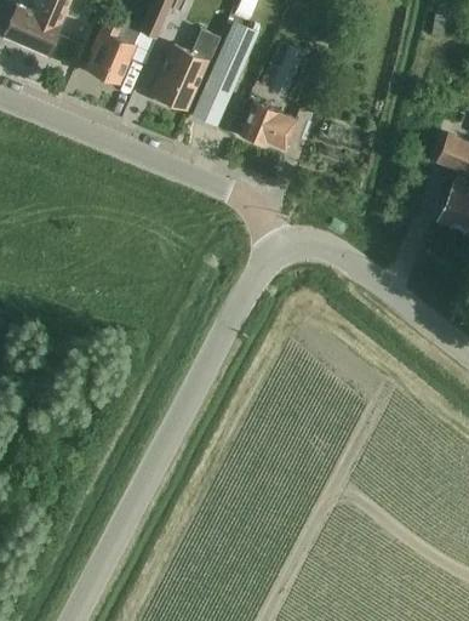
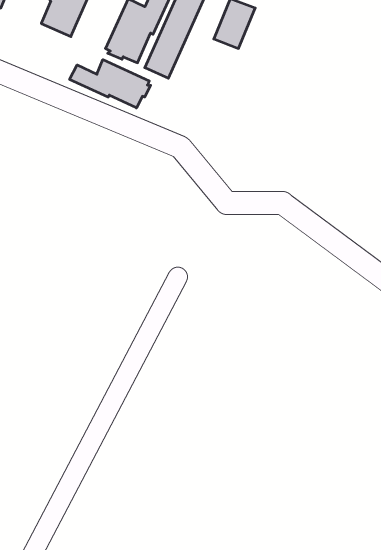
building: [239,101,297,148] -> none
building: none -> [70,60,151,108]

